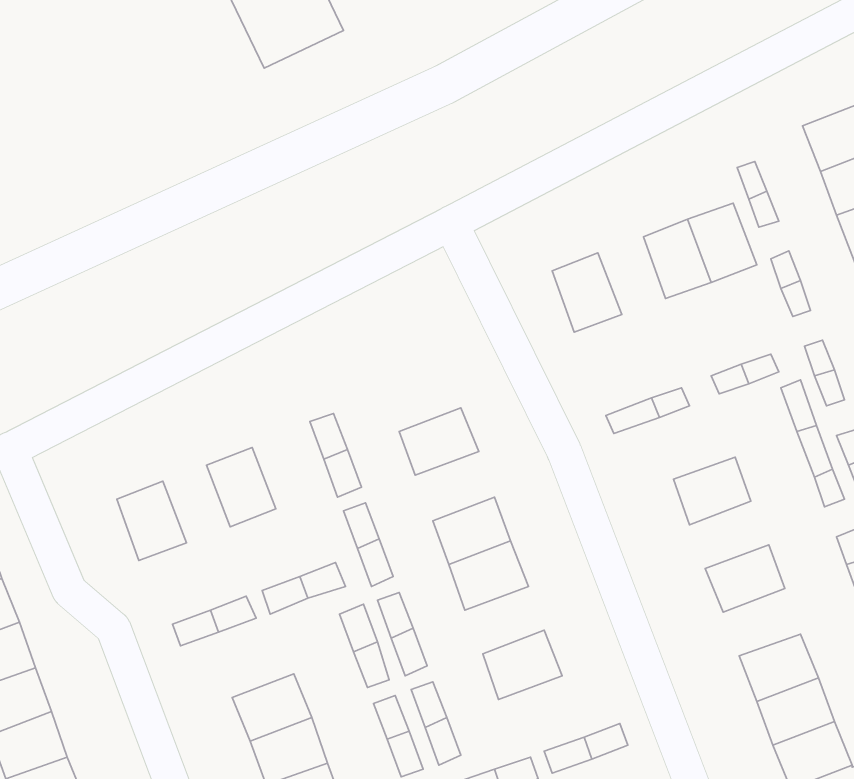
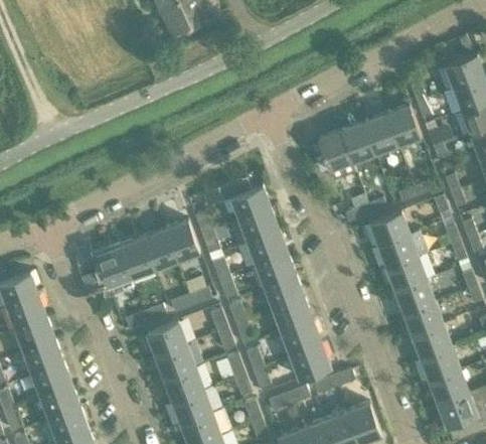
building: none -> [340,123,374,162]
building: none -> [215,177,271,221]
building: none -> [369,210,410,246]
building: none -> [165,221,200,261]
building: none -> [248,232,288,267]
building: none -> [120,239,154,278]
building: none -> [386,257,427,291]
building: none -> [273,300,313,334]
building: none -> [403,301,443,335]
building: none -> [147,321,186,356]
building: none -> [290,345,330,381]

